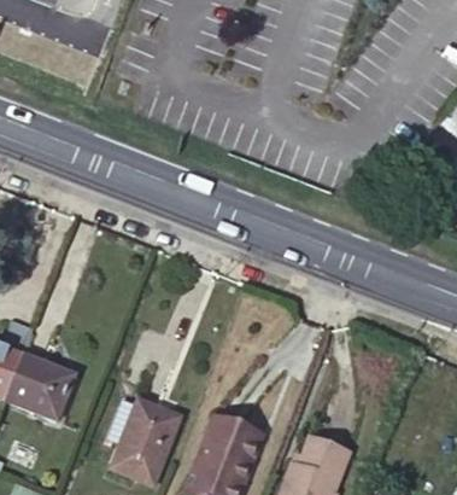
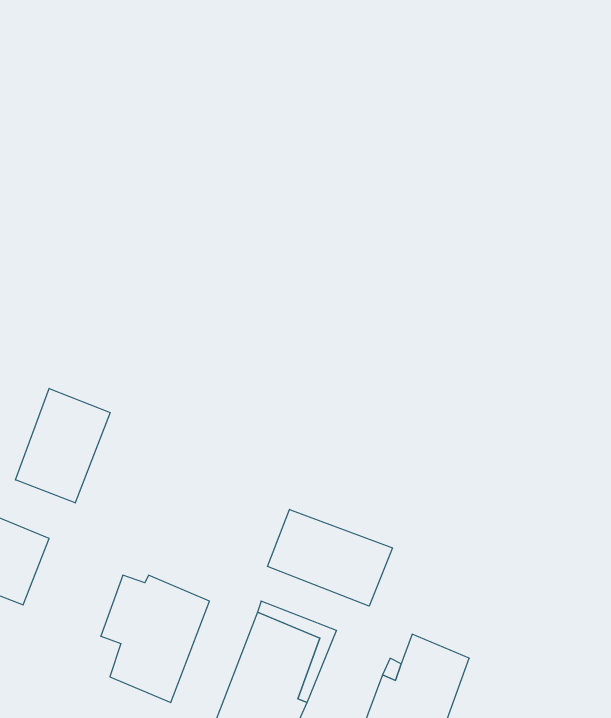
building: none -> [15,388,110,503]
building: none -> [268,509,392,606]

